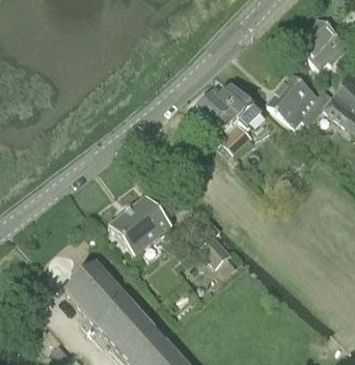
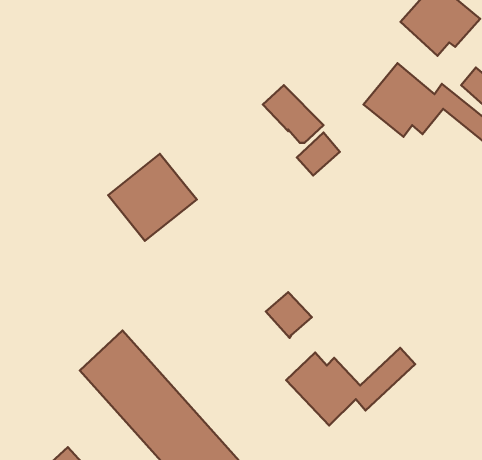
building: [210,83,260,127] -> none
building: [109,195,171,256] -> [108,154,197,241]
building: none -> [286,348,415,426]

